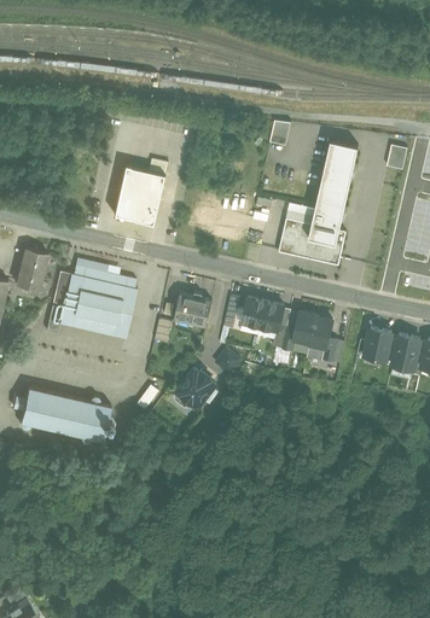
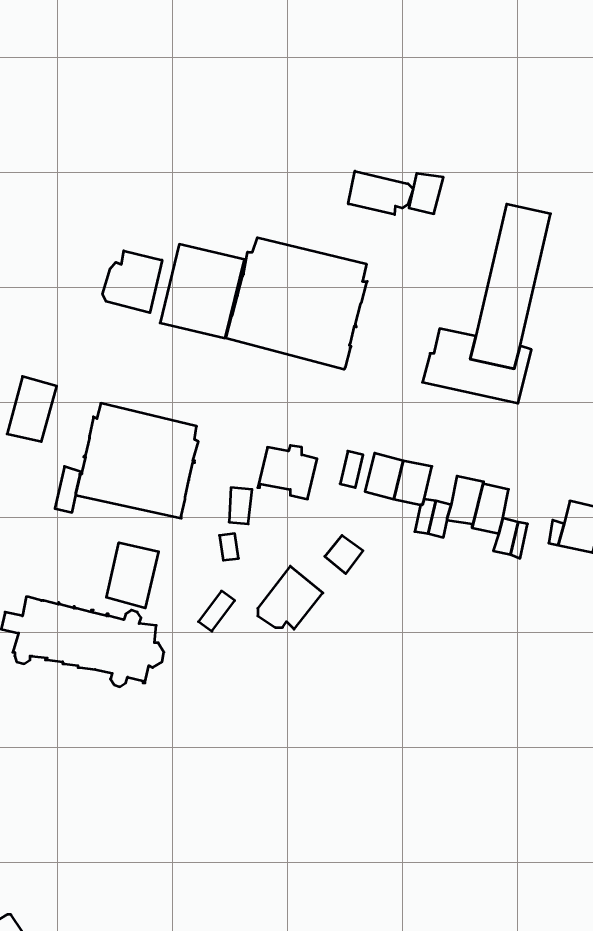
building: none -> [348,171,413,215]
building: none -> [225,238,367,369]
building: none -> [103,251,162,313]
building: none -> [106,543,159,608]

